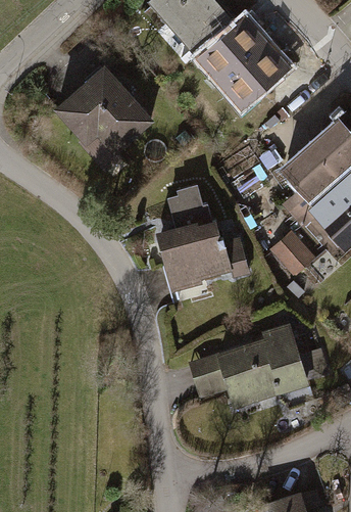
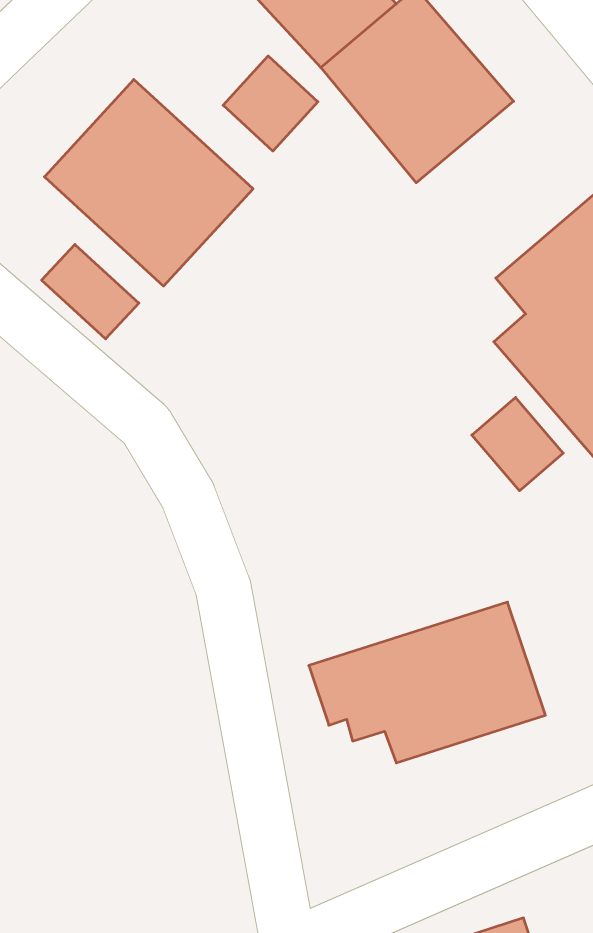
building: none -> [223,56,318,151]
building: none -> [42,244,139,339]
building: [157,185,250,284] -> none

